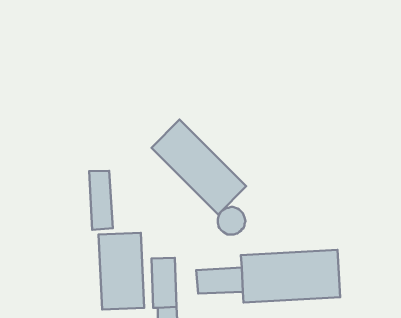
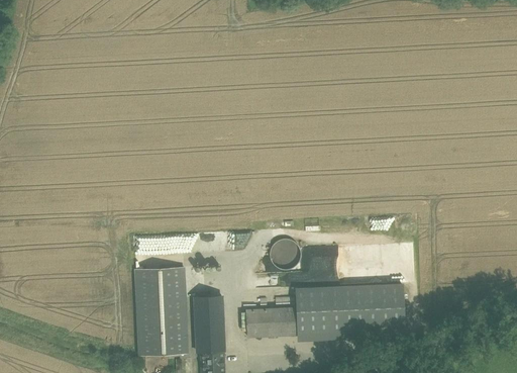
building: [151,119,246,215] -> none
building: [89,171,113,230] -> none

